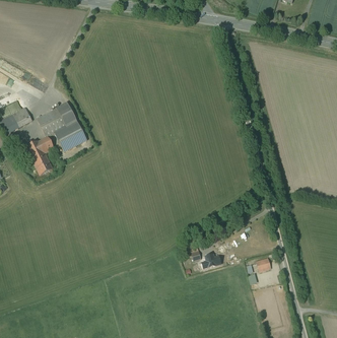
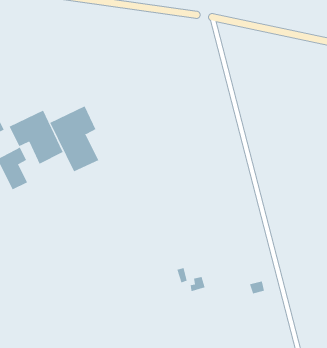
building: none -> [50,106,99,172]

